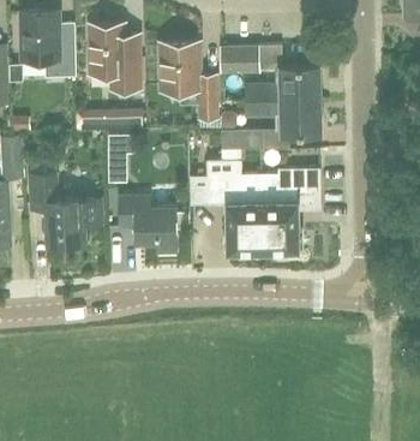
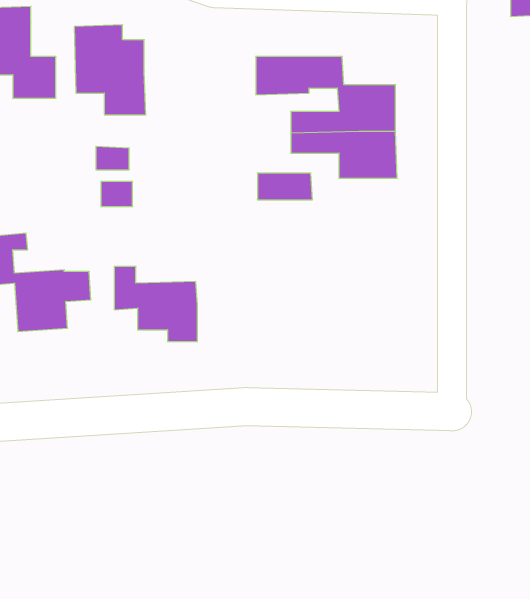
building: [160,44,217,119] -> none
building: [206,161,320,251] -> none

